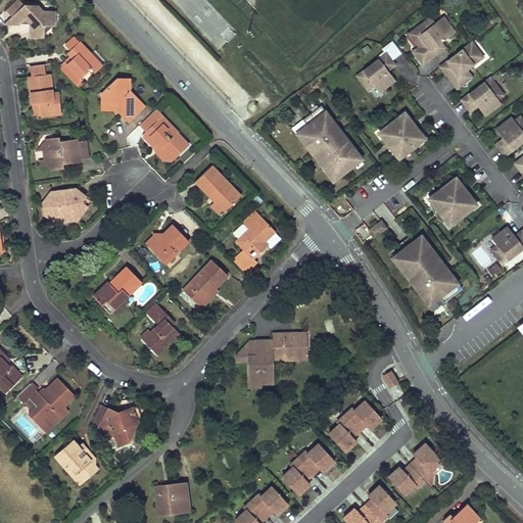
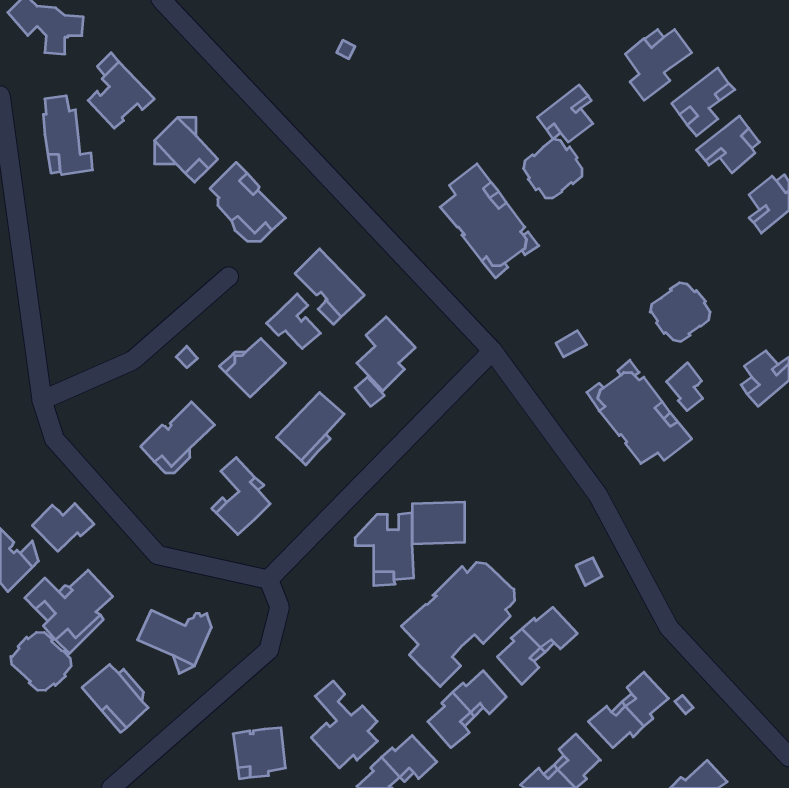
building: [377,120,416,158] -> [523,139,582,198]
building: [44,137,88,169] -> none
building: [43,188,87,222] -> none
building: none -> [266,294,321,349]
building: none -> [666,363,703,411]
building: none -> [32,503,94,551]
building: none -> [401,562,514,687]
building: none -> [11,632,71,690]
building: none -> [311,681,378,768]

